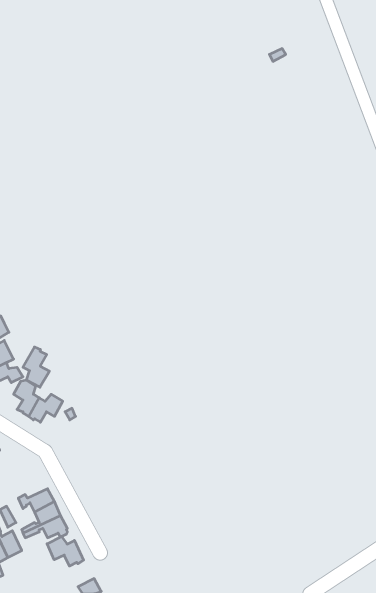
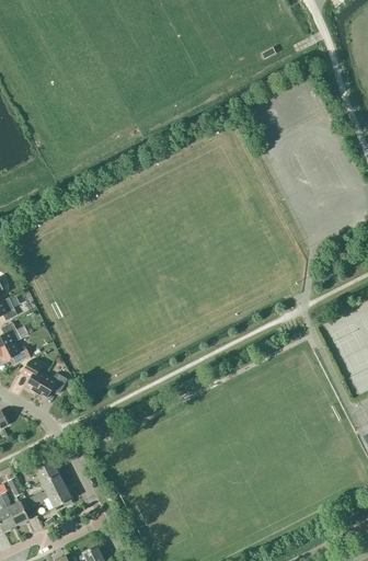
building: [23,347,49,387] -> none
building: [47,537,84,566] -> none

